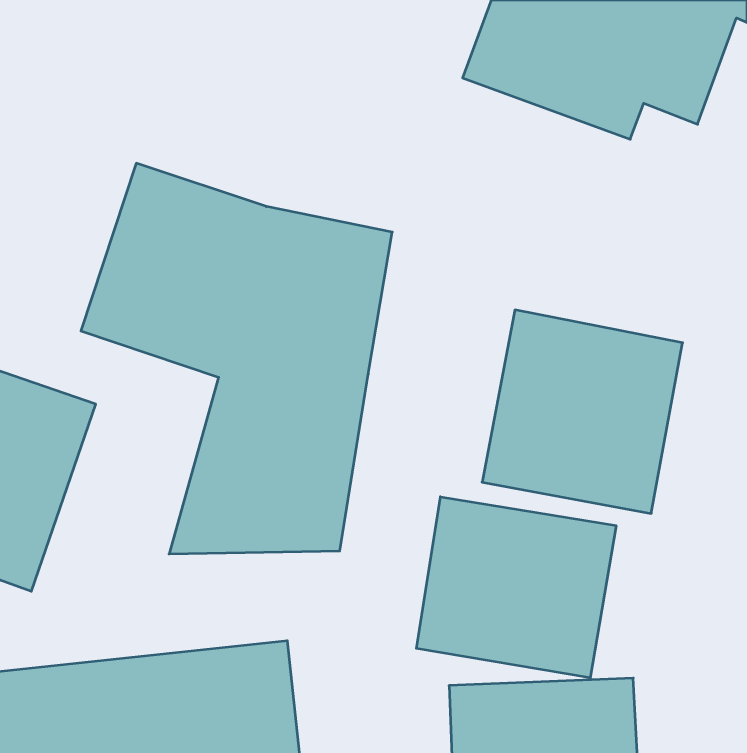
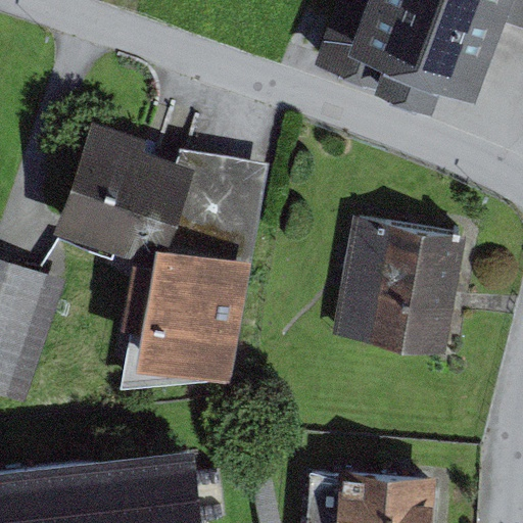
building: [416,497,616,678] -> none

